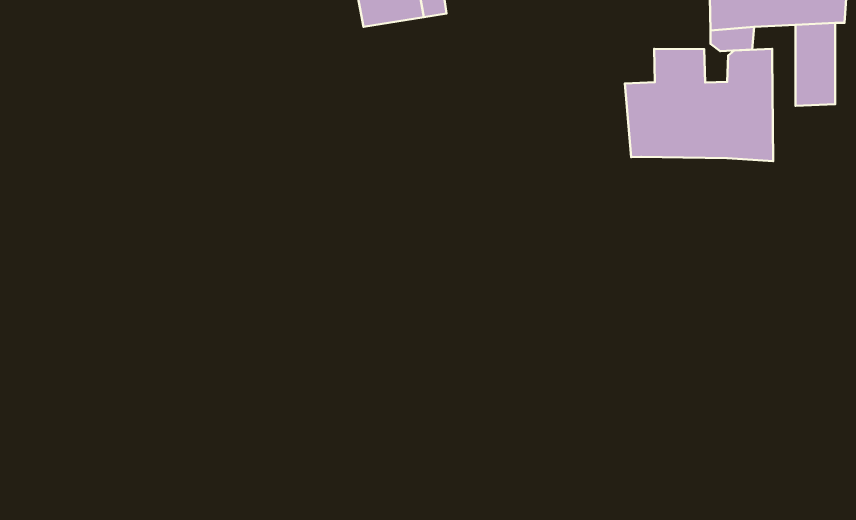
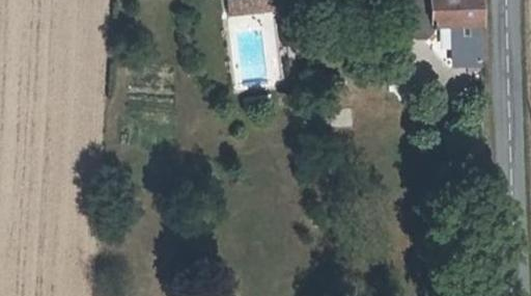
building: [625,49,773,161] -> none

